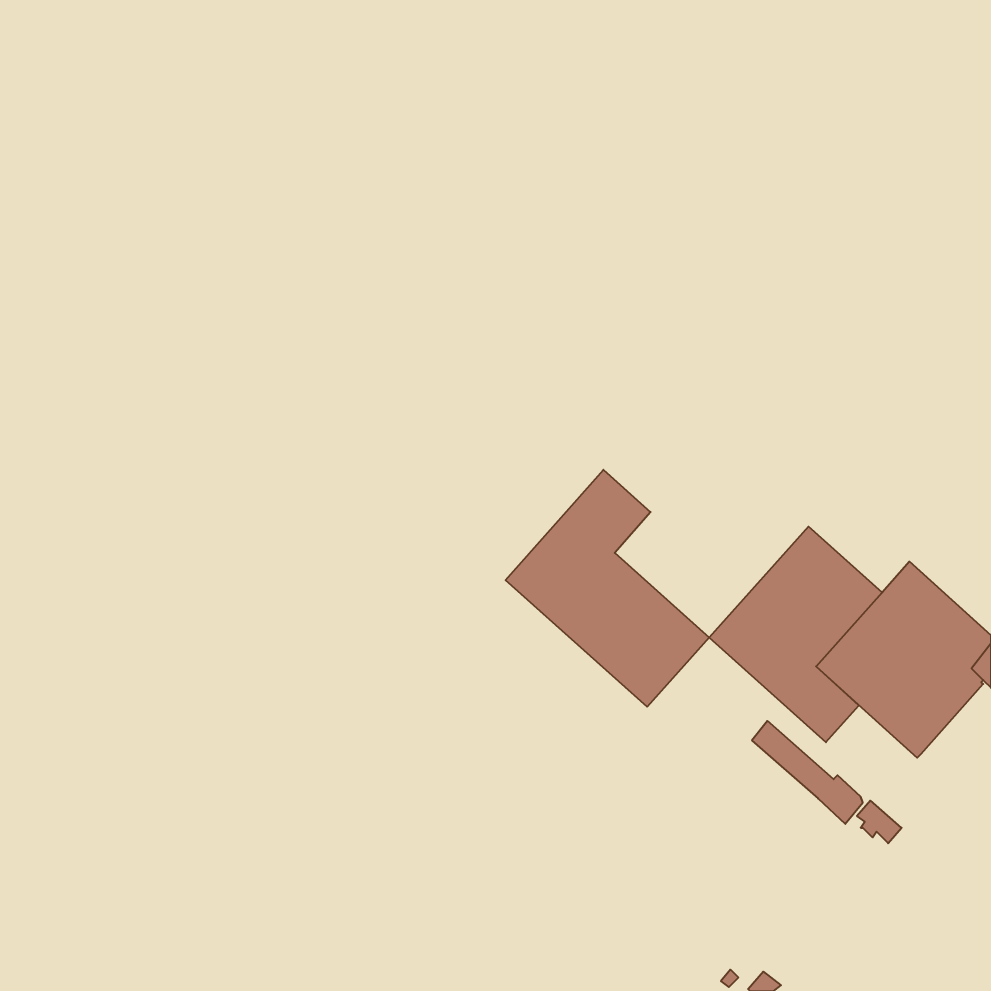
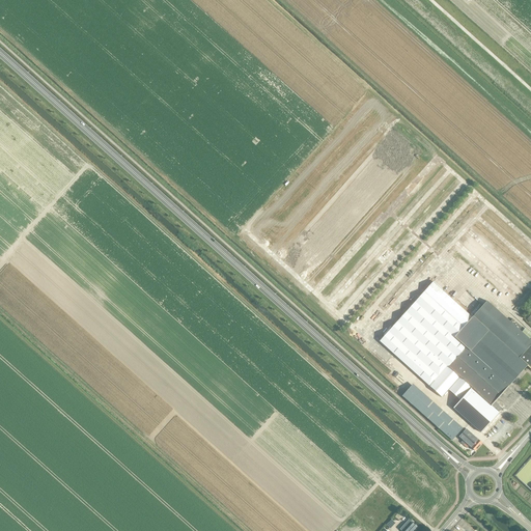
building: [506,470,709,707] -> none
building: none -> [452,387,498,431]

